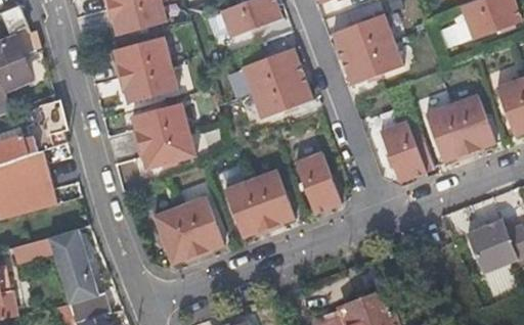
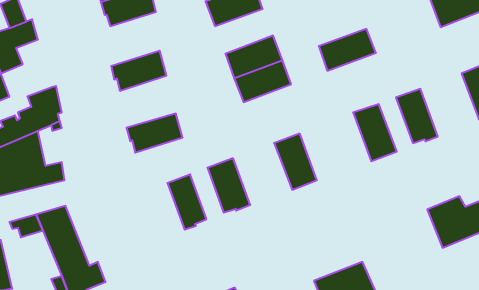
building: [333,12,394,57] -> none
building: [115,36,172,79] -> none
building: [452,94,496,154] -> none
building: [132,102,189,145] -> none
building: [251,169,294,228] -> none
building: [151,204,199,263] -> none

